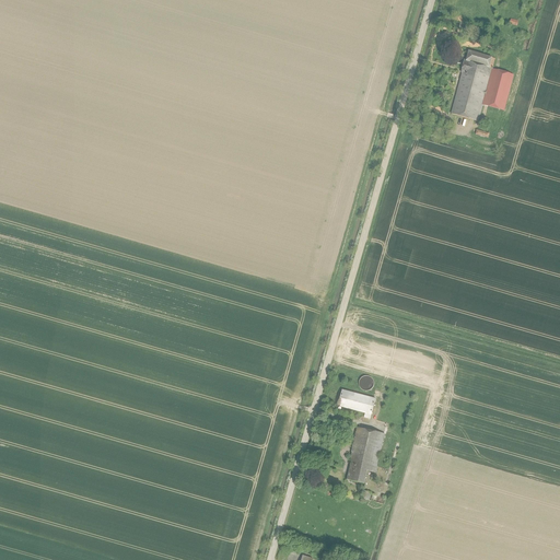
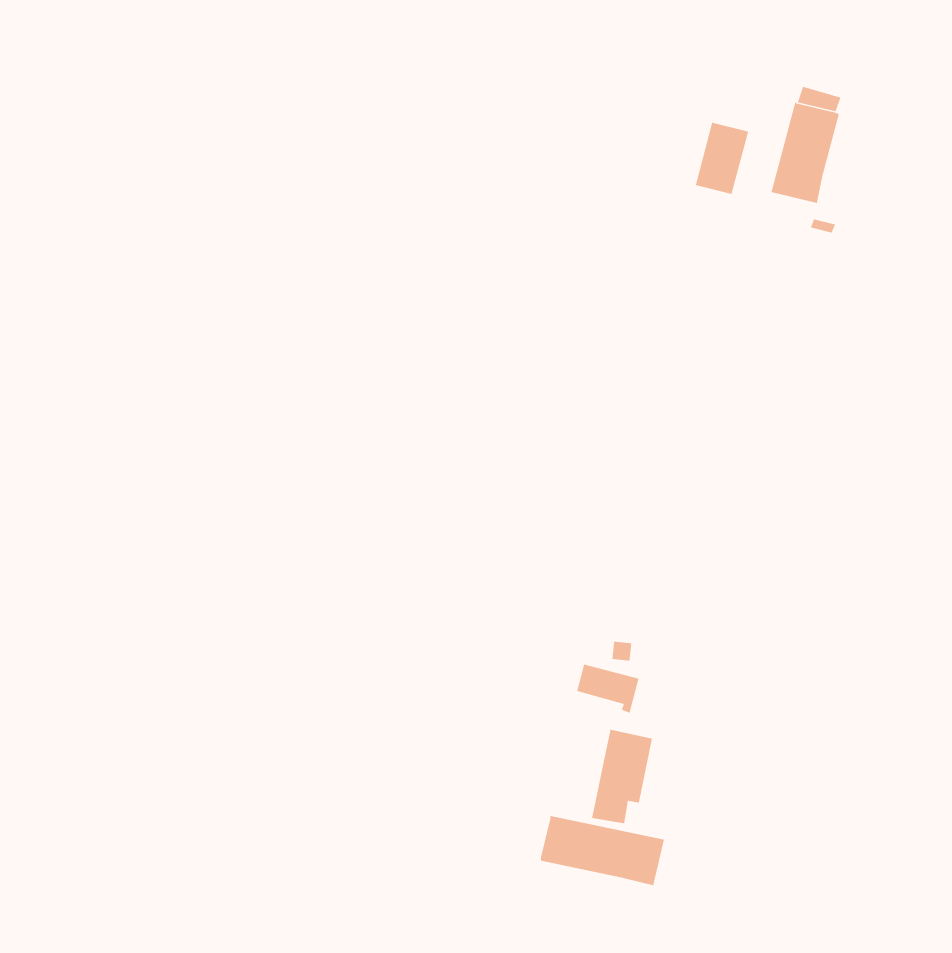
building: [481,67,513,109] -> [695,122,749,195]
building: none -> [540,815,665,886]

